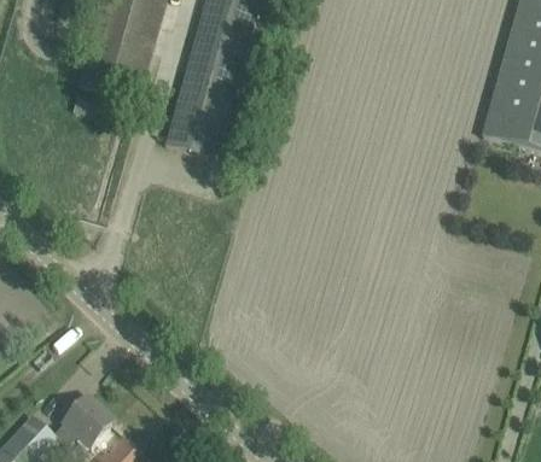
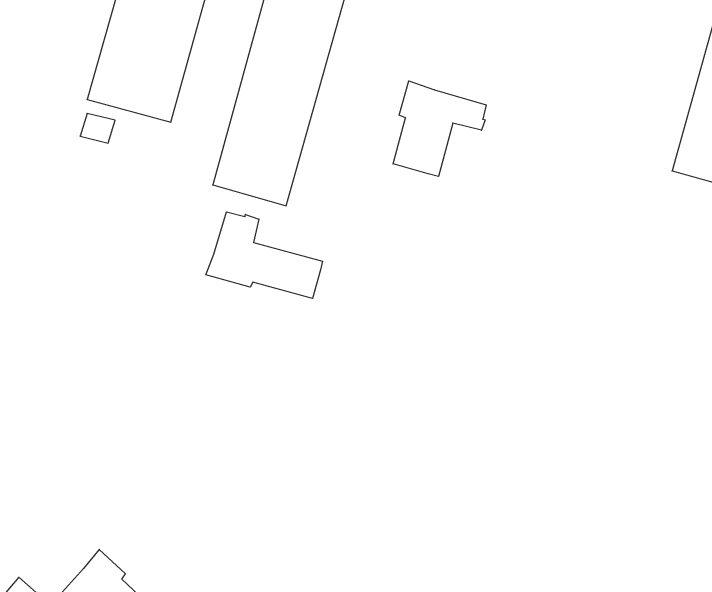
building: none -> [393,81,486,176]
building: none -> [206,212,322,298]

